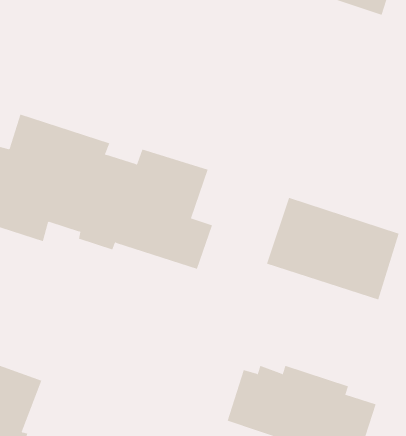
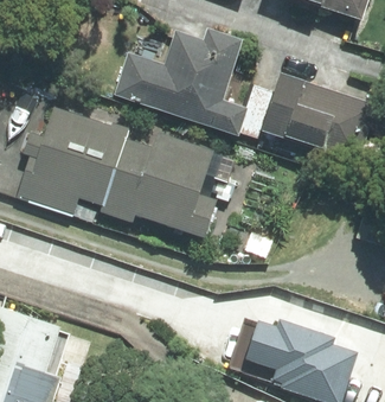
building: none -> [114,30,246,134]
building: [266,197,400,300] -> [262,74,376,161]

